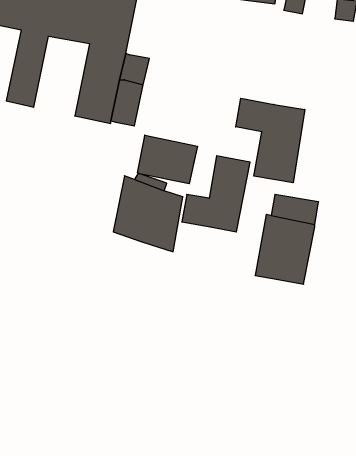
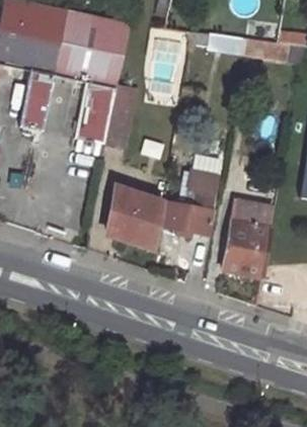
building: [236,98,305,183] -> none
building: [138,135,197,184] -> none

